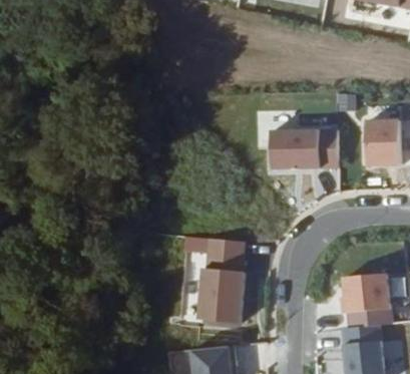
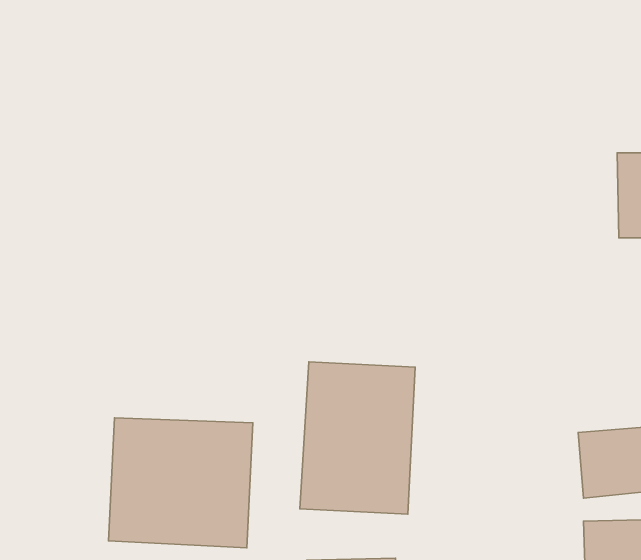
building: [267,126,340,169] -> none
building: none -> [108,418,253,548]

